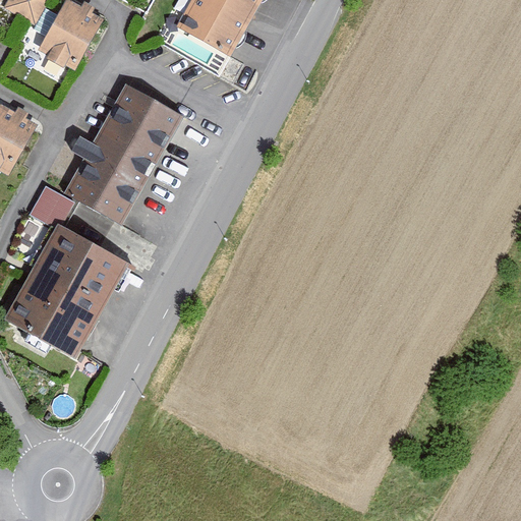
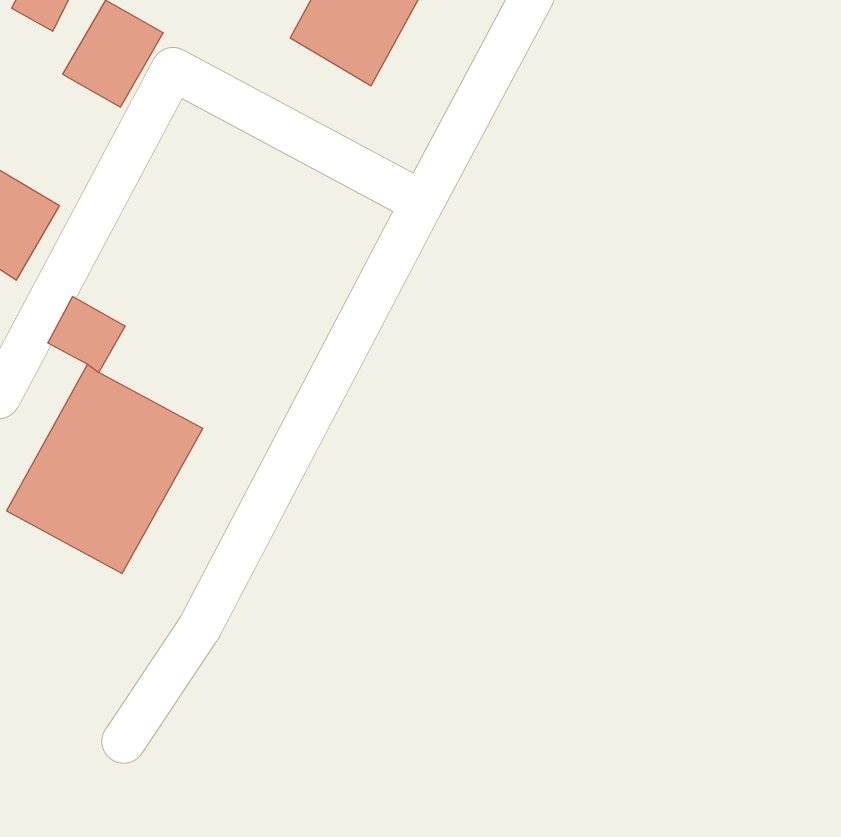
building: [65,86,180,222] -> none

